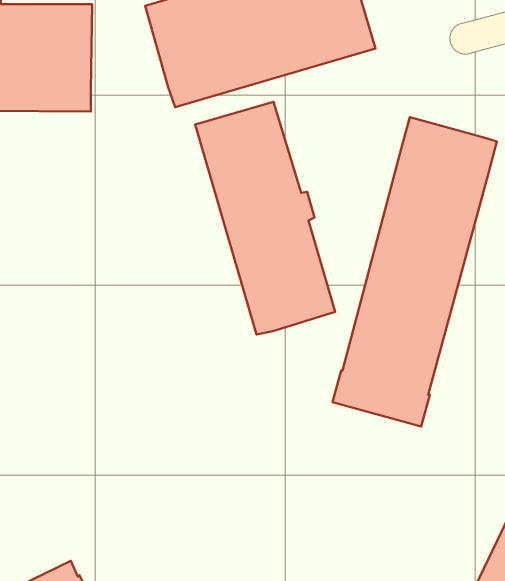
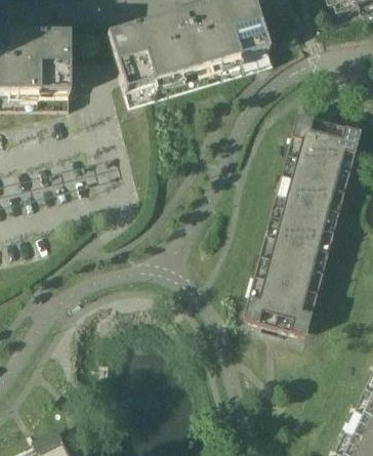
building: [195,102,335,335] -> none

